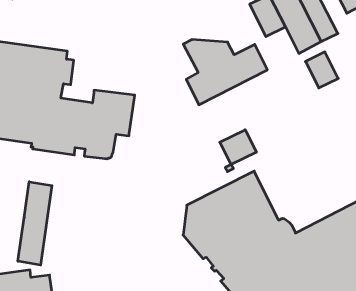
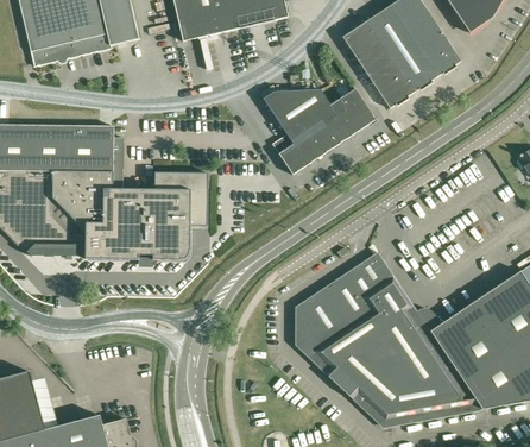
building: [305,52,338,88] -> [368,59,414,107]
building: [220,130,256,165] -> none
building: [18,182,52,265] -> none

